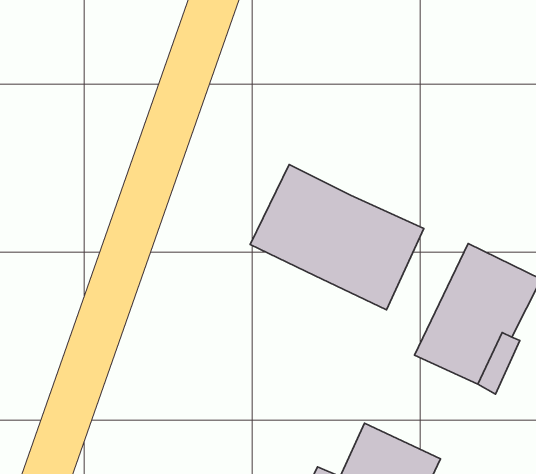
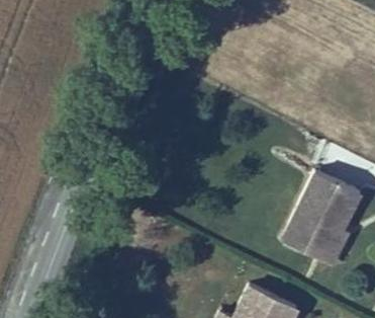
building: [250,165,424,310] -> none

